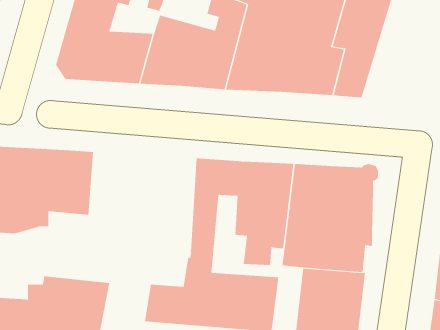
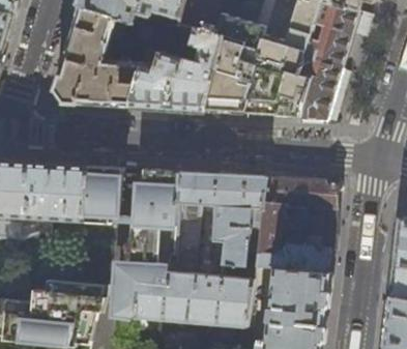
building: none -> [83,168,120,225]
building: none -> [112,171,177,319]

